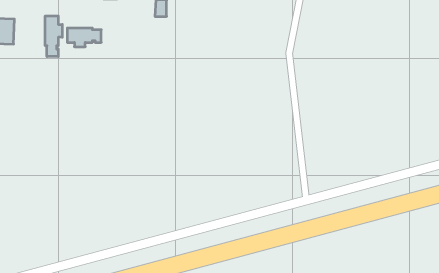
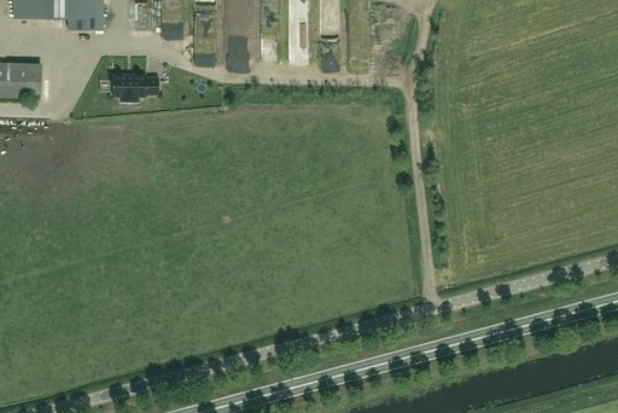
building: [45,16,62,57] -> none

